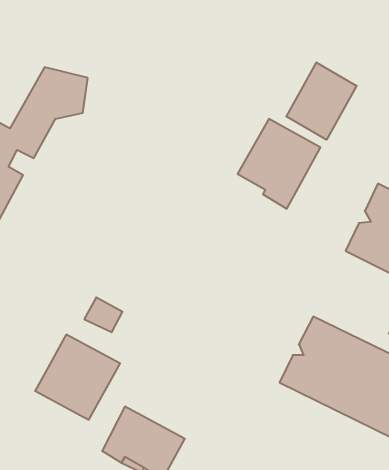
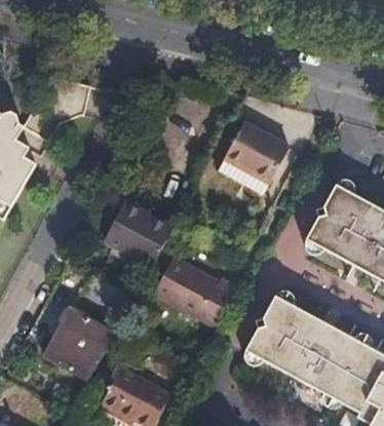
building: [286,62,357,140] -> none
building: none -> [102,202,170,266]
building: none -> [156,259,236,326]

